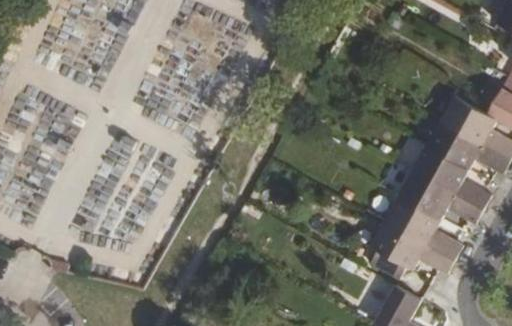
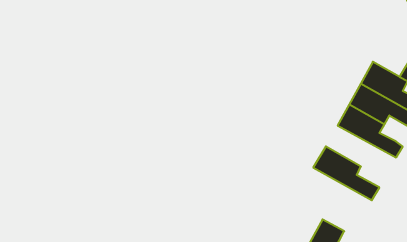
building: [400,172,484,225] -> none
building: [371,222,455,275] -> none

